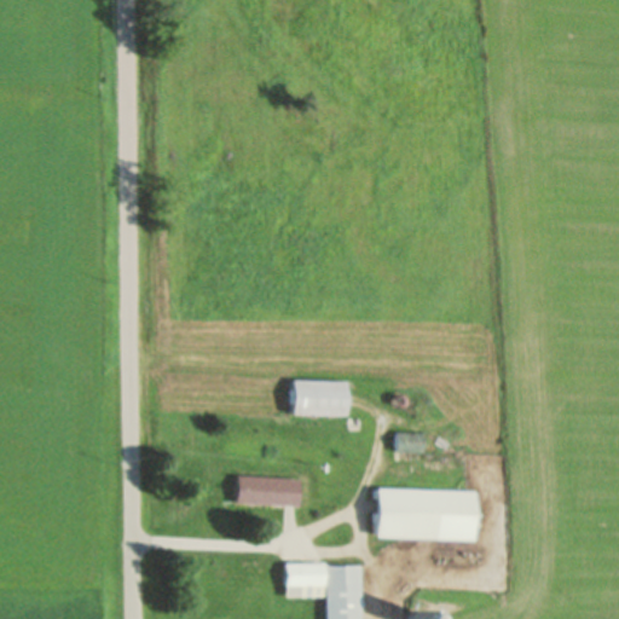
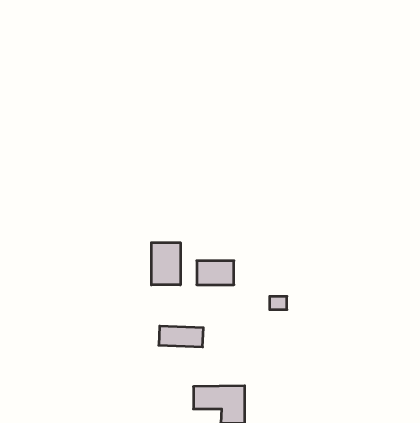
building: none -> [151,243,180,285]
building: [376,490,475,540] -> none

